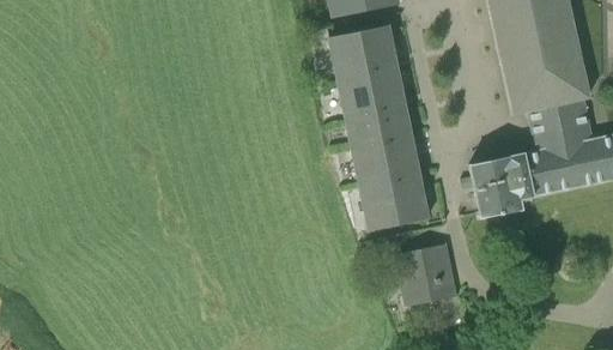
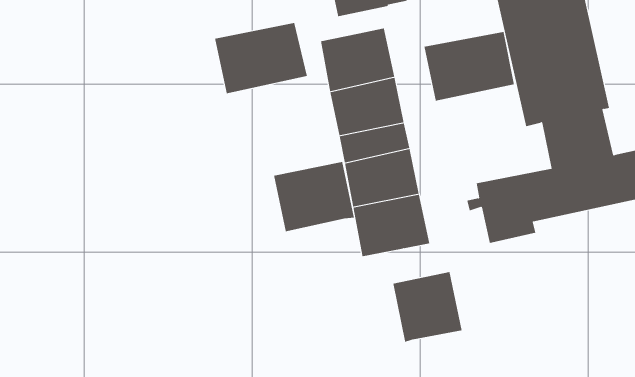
building: none -> [214,22,307,94]
building: none -> [424,31,515,101]
building: none -> [274,161,354,232]

